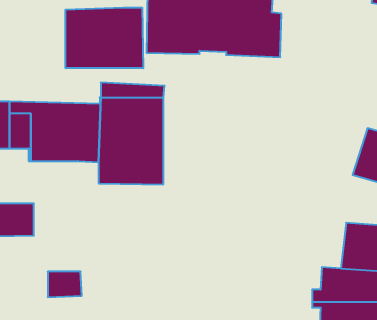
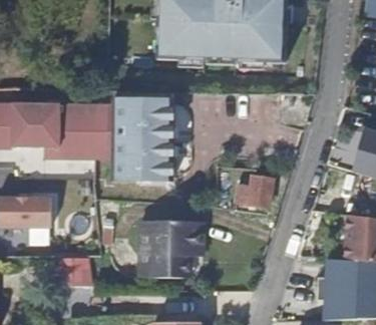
building: [66,8,143,68] -> none
building: none -> [237,175,280,211]
building: none -> [141,220,206,277]

